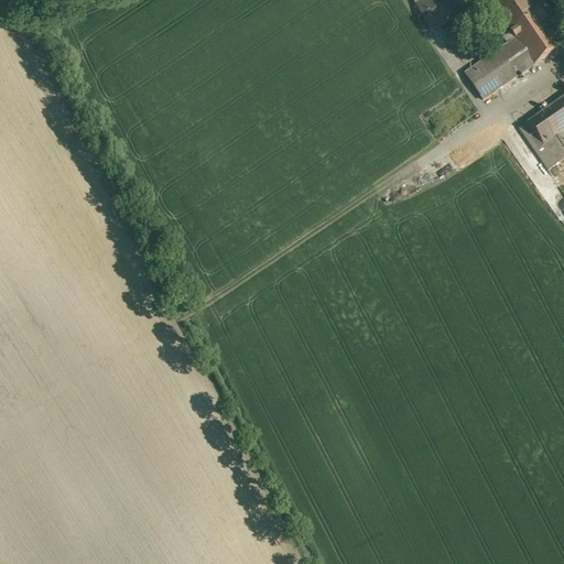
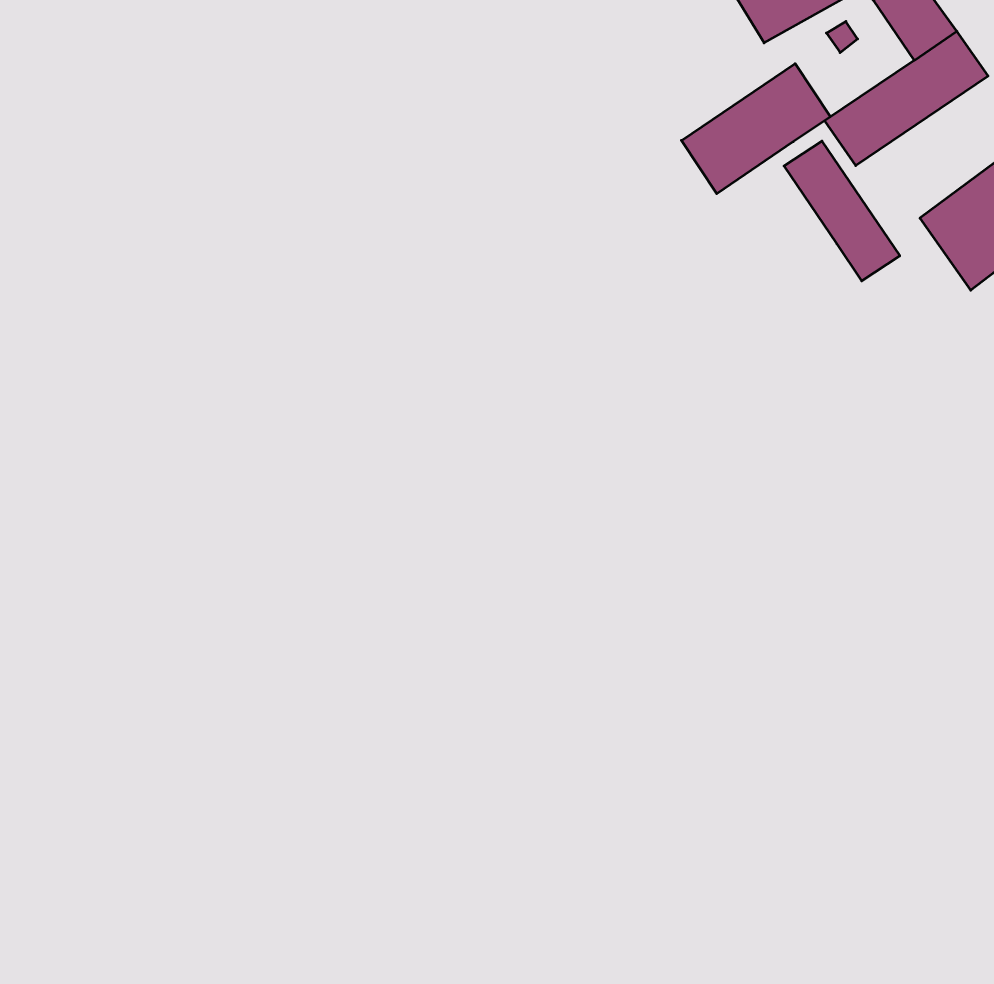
building: none -> [681,64,830,194]
building: none -> [784,141,900,281]

